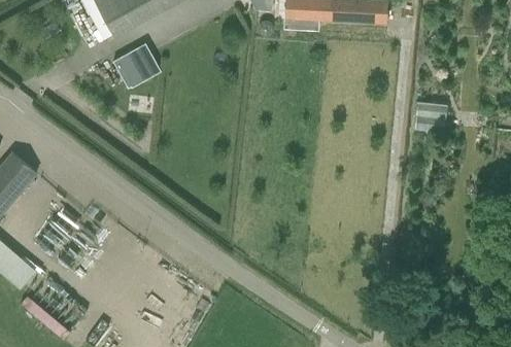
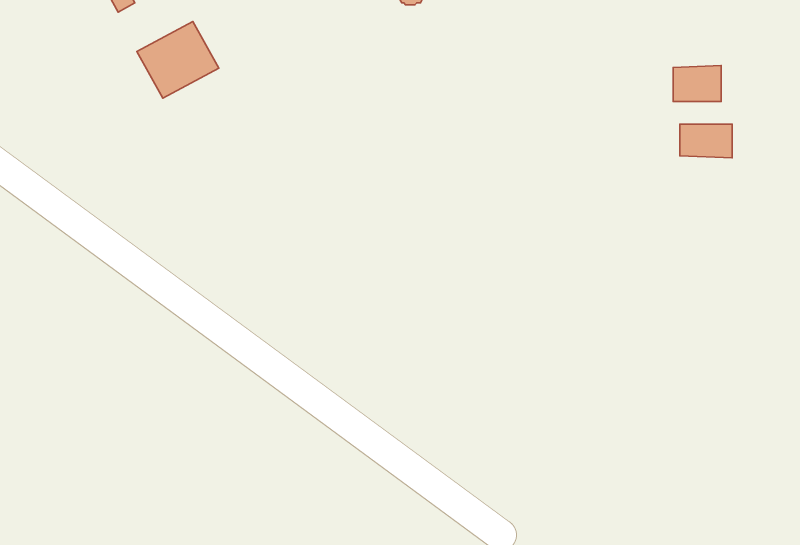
building: none -> [673,65,721,102]

